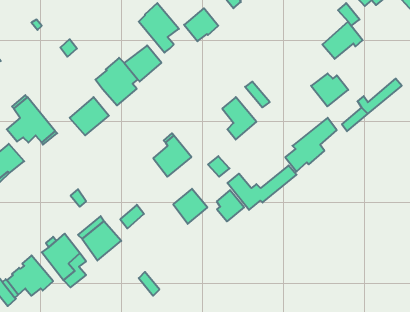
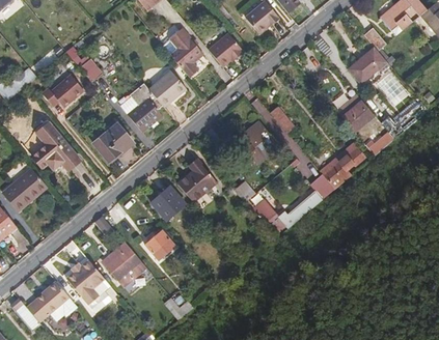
building: none -> [42,75,83,107]
building: [173,189,207,224] -> [150,186,185,221]
building: [217,190,244,221] -> none

